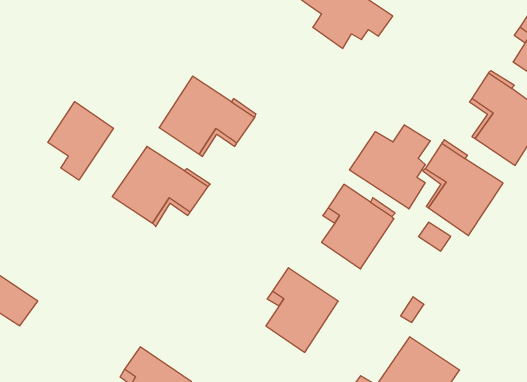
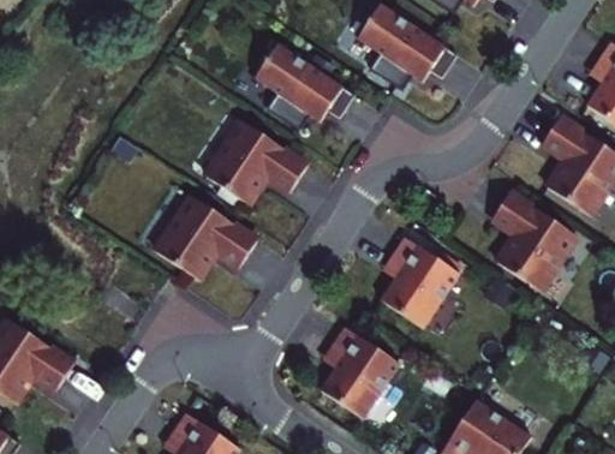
building: none -> [256,43,356,129]
building: [48,102,113,180] -> none
building: [350,125,430,209] -> none

